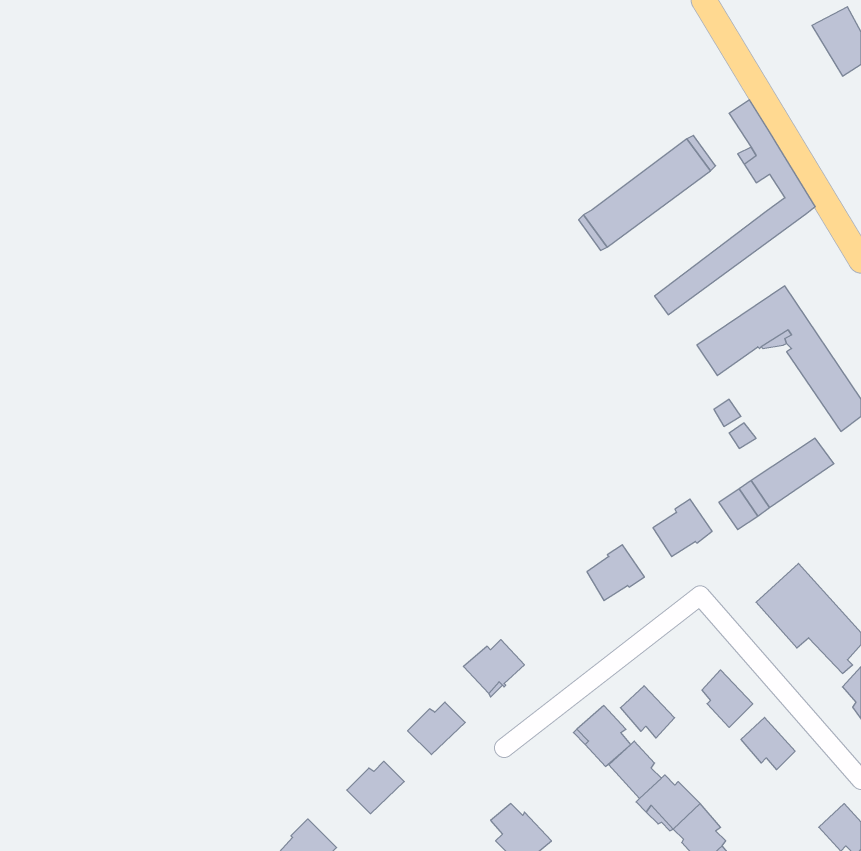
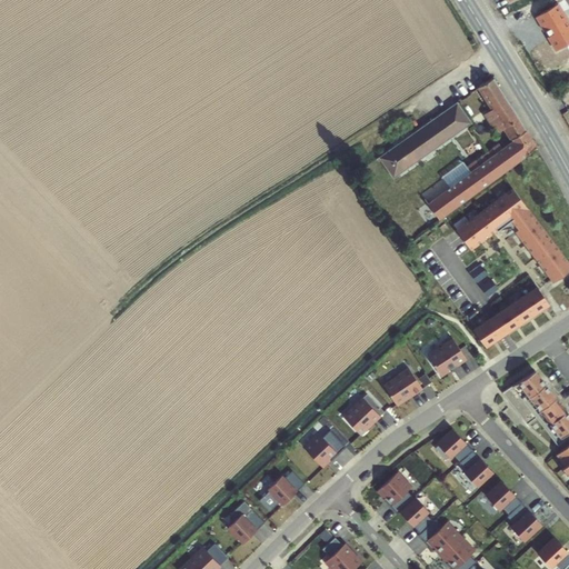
building: none -> [420,141,503,203]
building: none -> [343,397,381,433]
building: [620,686,675,738] -> [438,428,473,462]
building: none -> [508,502,543,541]

